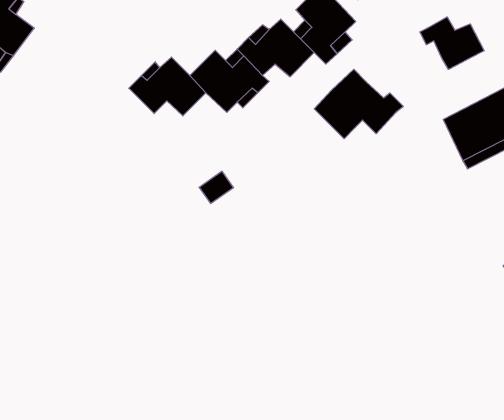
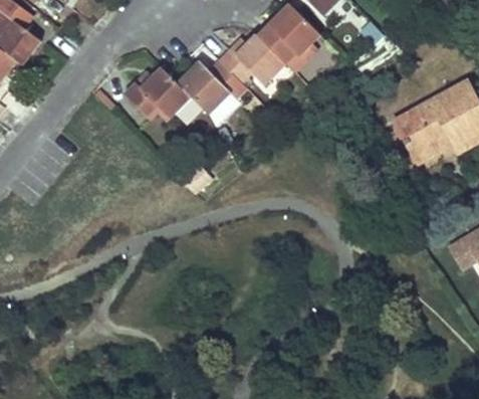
building: [420,17,484,69] -> none
building: [314,69,403,139] -> none

